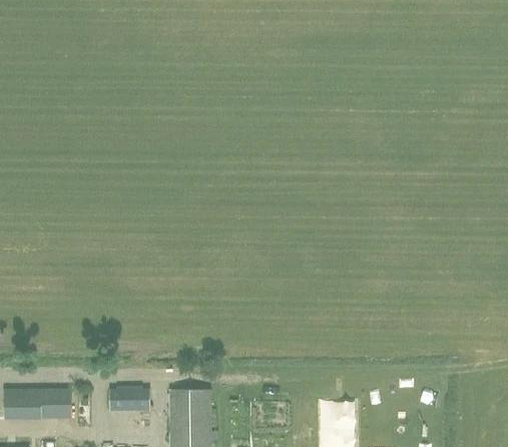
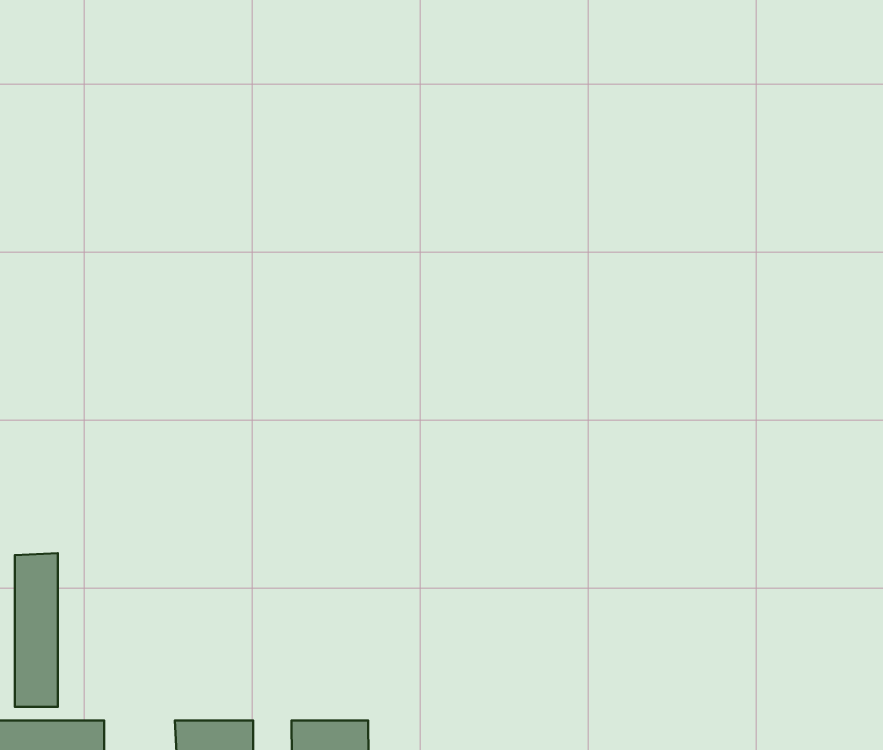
building: none -> [15,553,58,707]

